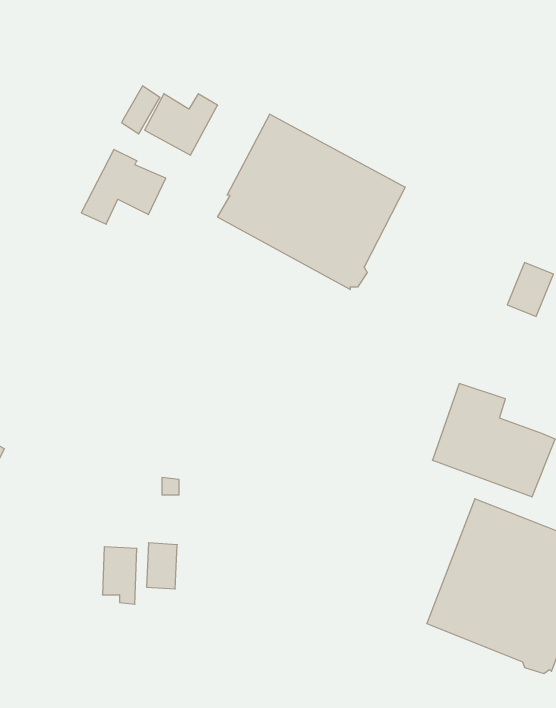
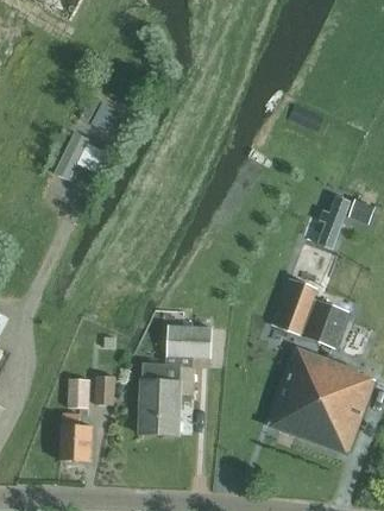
building: [218,114,405,290] -> none
building: none -> [139,308,212,434]
building: none -> [61,411,92,461]

